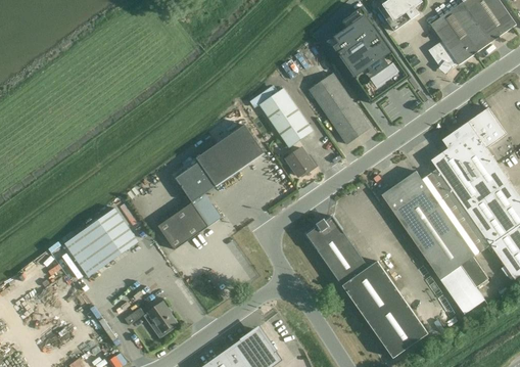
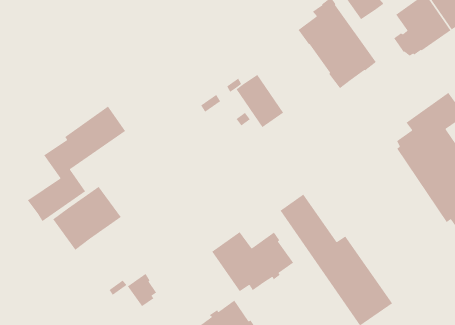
building: [309,72,370,143] -> none
building: [157,124,264,248] -> [27,105,126,222]
building: [286,147,318,176] -> none
building: [381,167,487,313] -> none
building: none -> [211,231,294,292]

